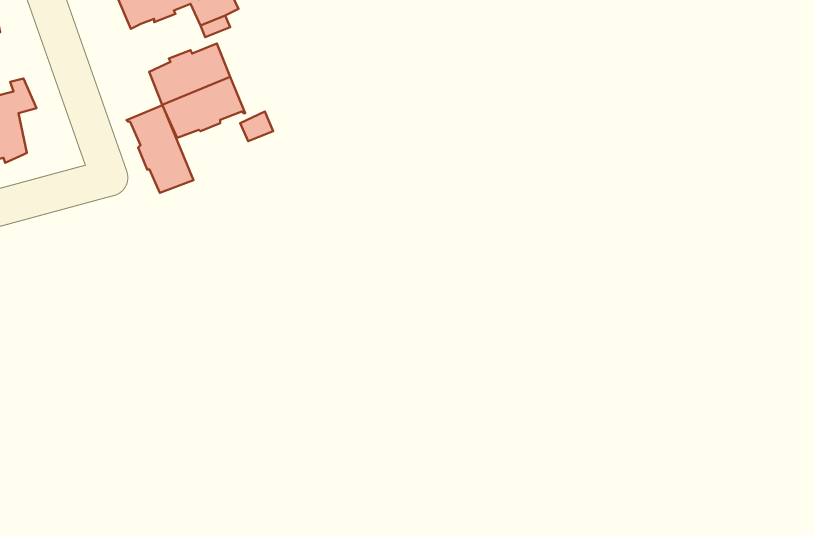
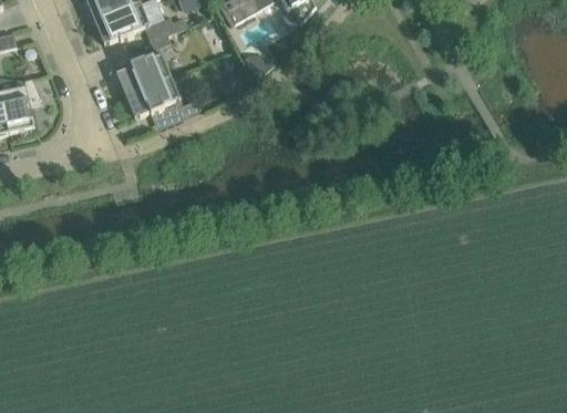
building: [126,105,194,193] -> none

